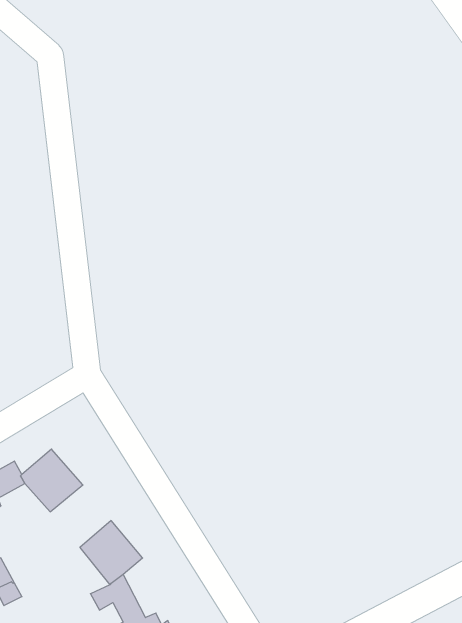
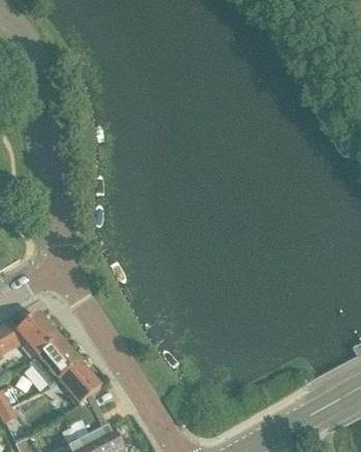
building: none -> [30,337,80,387]

